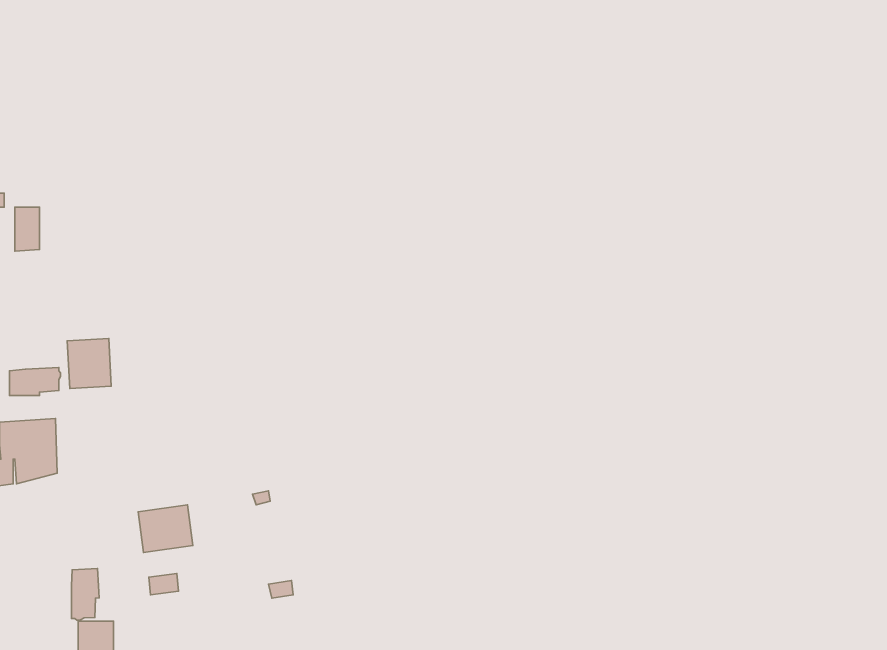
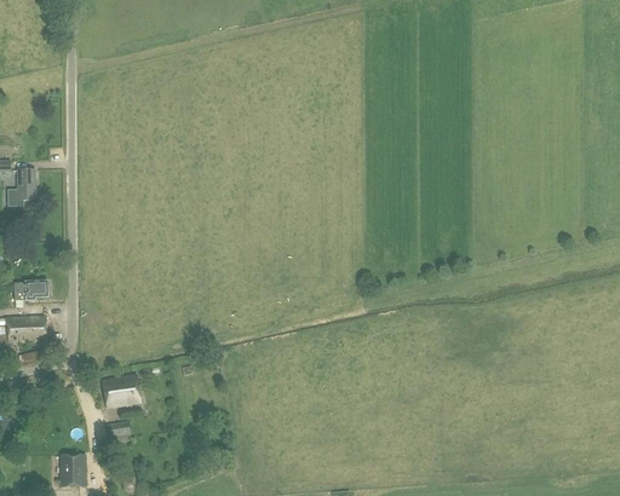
building: [67,339,111,388] -> none
building: [71,568,99,620] -> none

